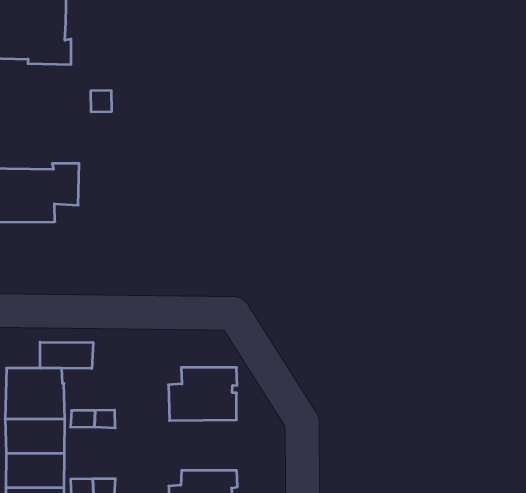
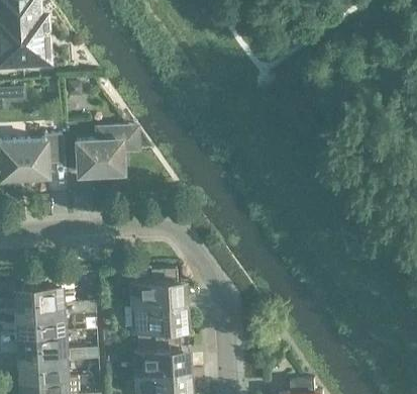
building: none -> [77,128,132,177]
building: [40,342,93,369] -> none
building: none -> [132,304,180,340]

